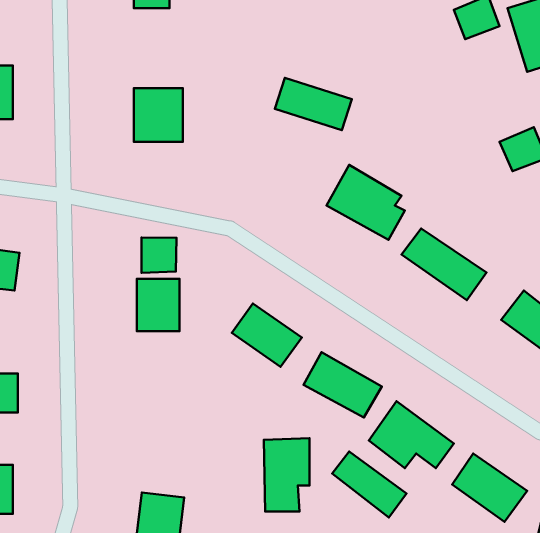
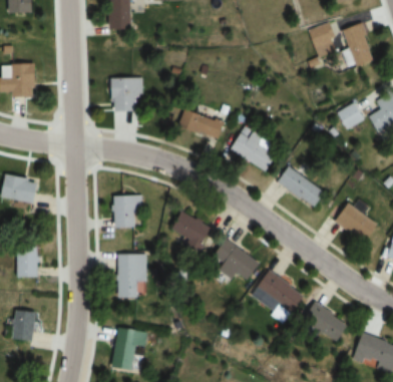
building: [275,78,352,130] -> [176,108,224,140]
building: [141,238,177,273] -> none
building: [264,438,309,512] -> [116,254,144,299]
building: [332,452,407,517] -> none

